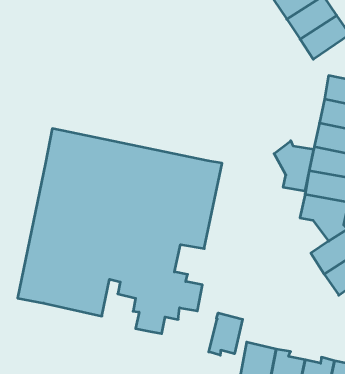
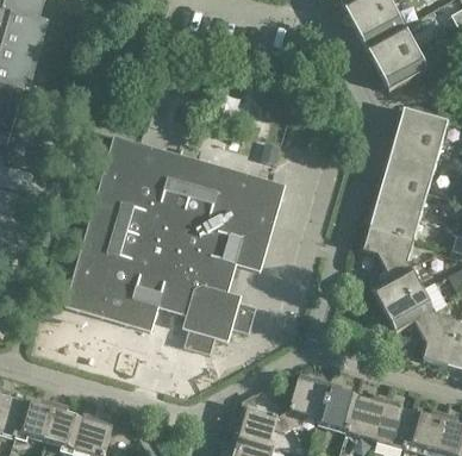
building: [274,141,314,191] -> none
building: [209,313,243,355] -> none

